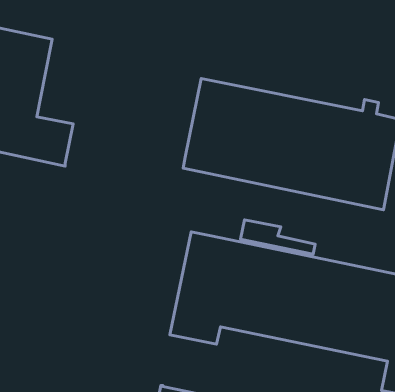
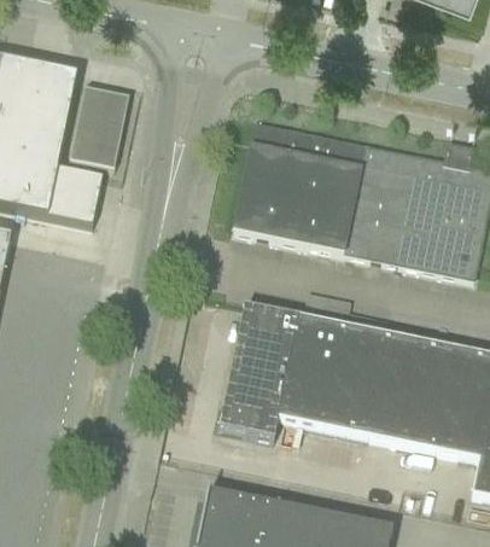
building: none -> [69,85,127,167]

